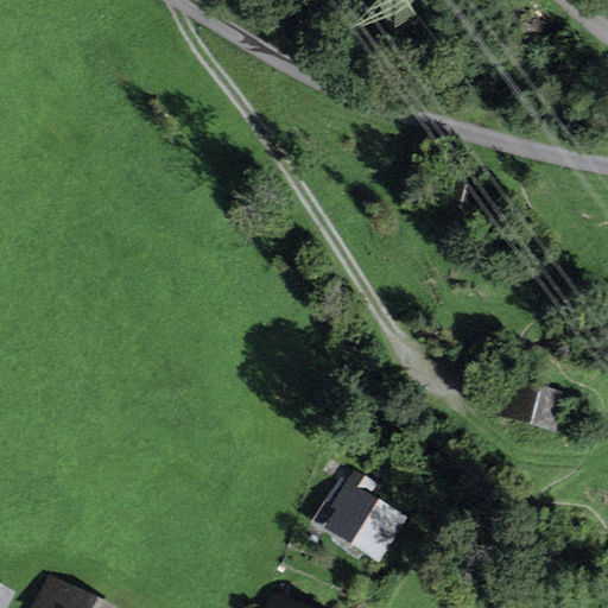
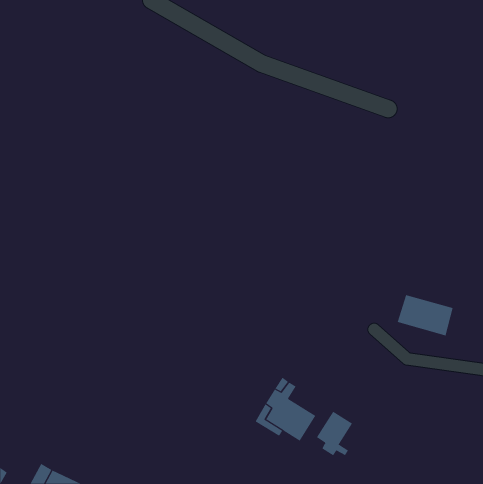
building: none -> [316,411,353,456]

